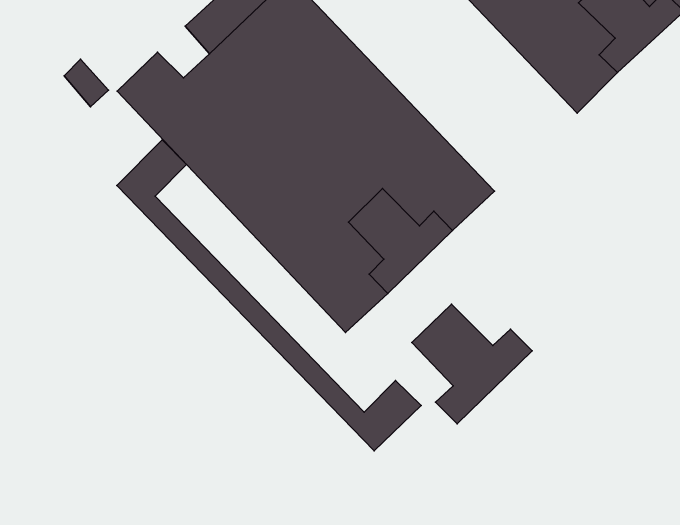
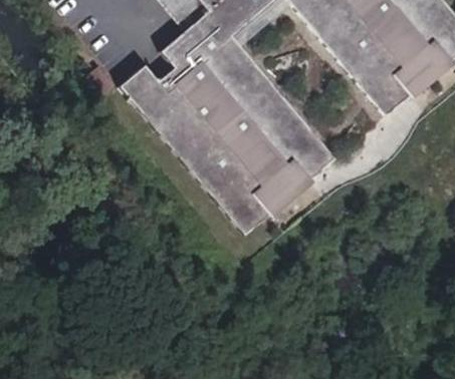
building: [117,140,421,451] -> none
building: [412,304,532,424] -> none

